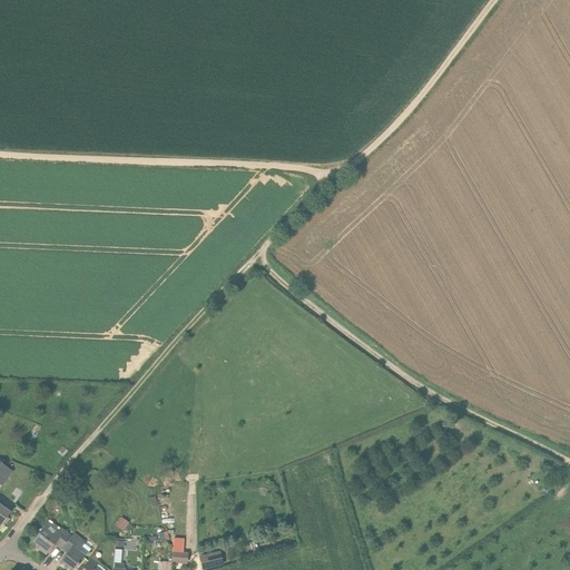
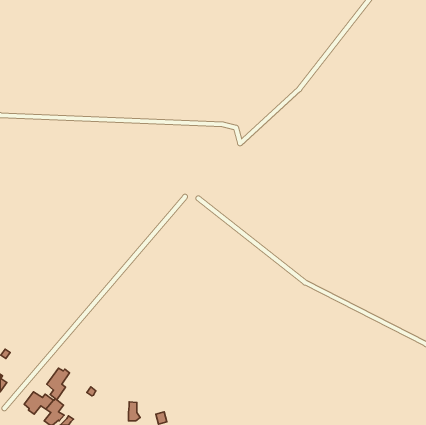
building: none -> [47,368,70,400]

